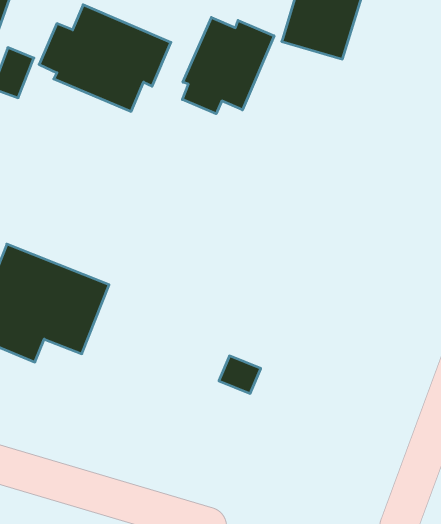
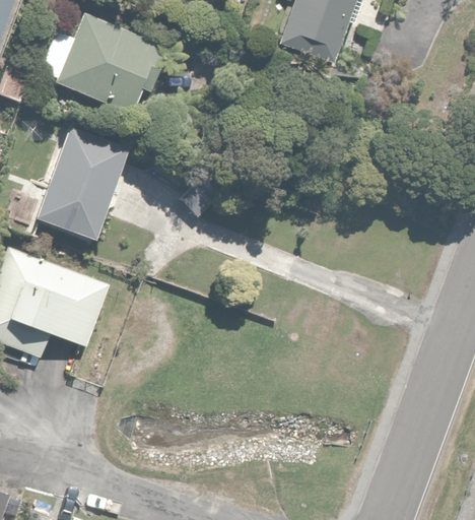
building: [182,17,274,114] -> none
building: none -> [35,127,128,240]

